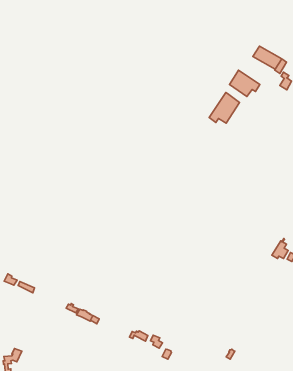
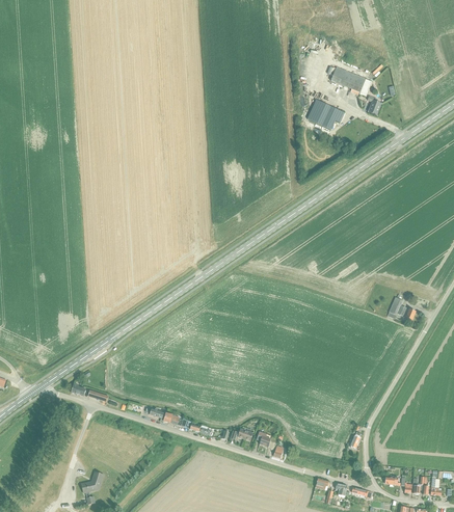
building: [209,92,239,123] -> none

